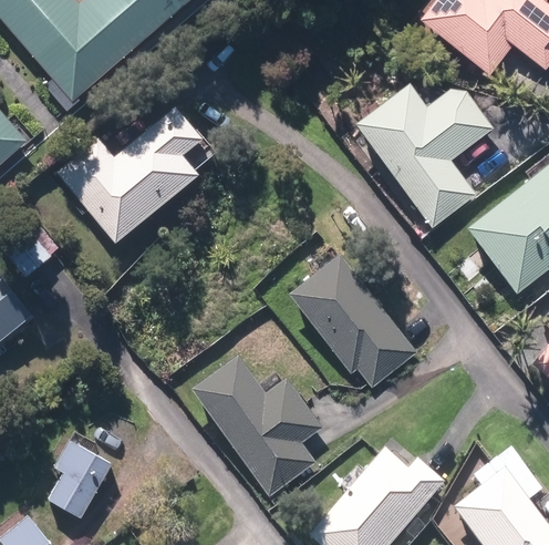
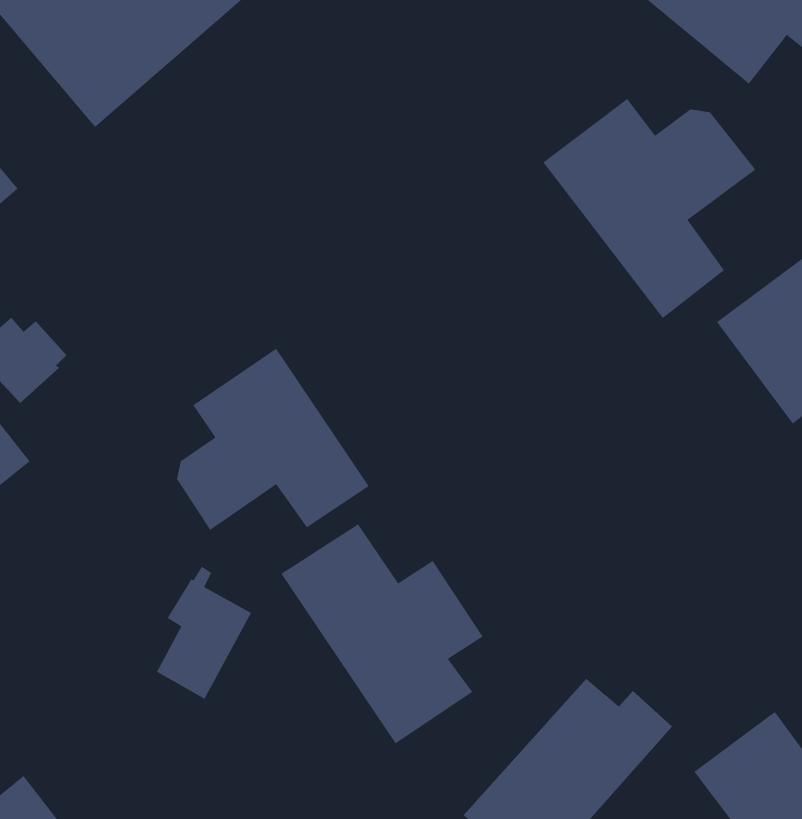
building: [51,105,205,243] -> none
building: none -> [176,348,370,531]
building: [289,255,414,385] -> none
building: [49,433,110,518] -> [156,566,252,700]

